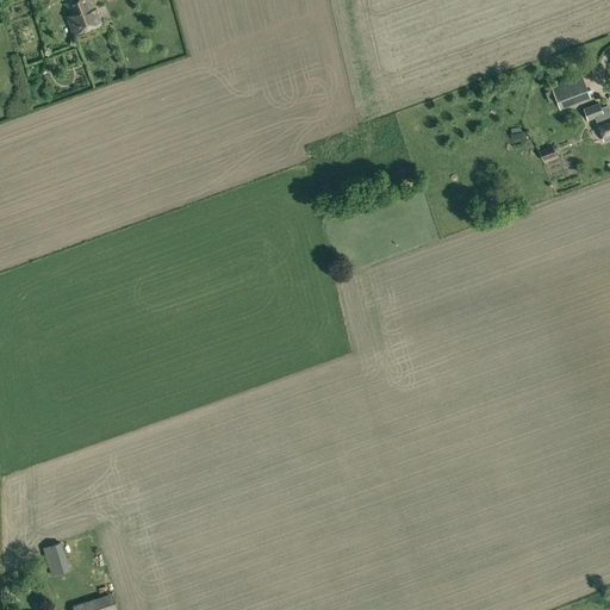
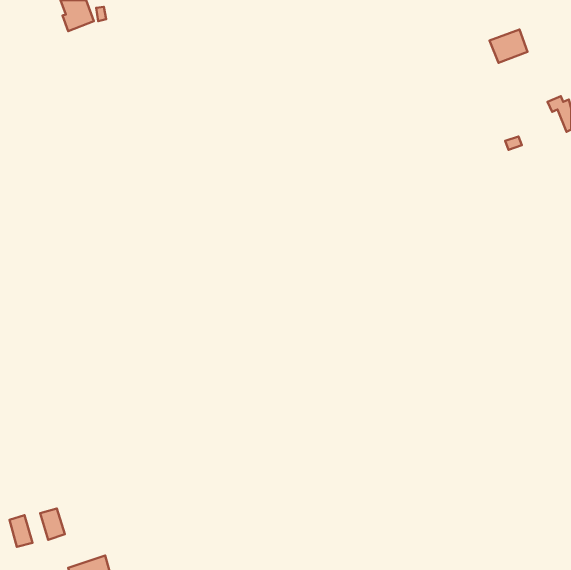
building: [550,75,591,111] -> [489,29,527,63]
building: none -> [9,515,33,547]

